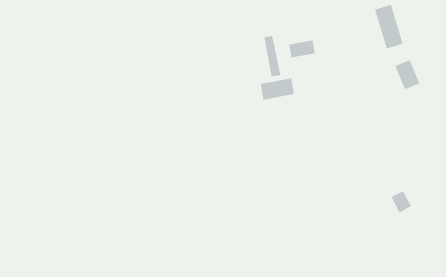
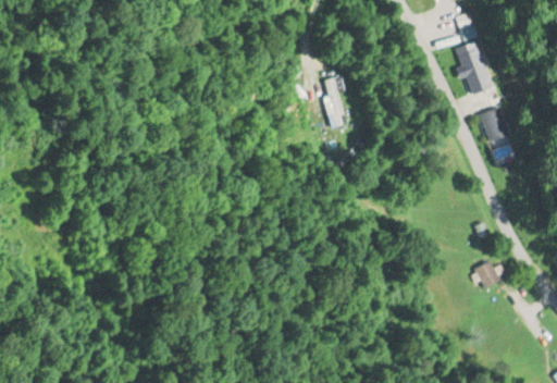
building: [288,40,316,58] -> none
building: [260,78,295,101] -> none

